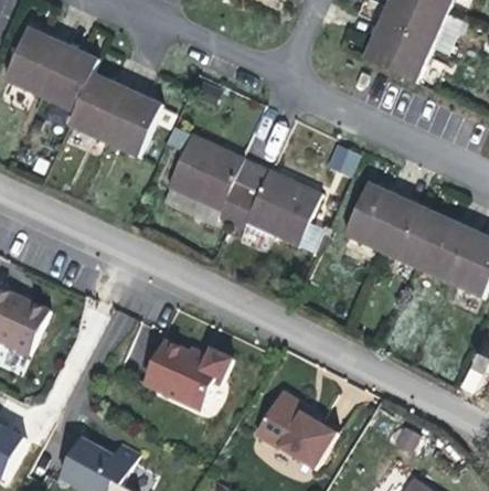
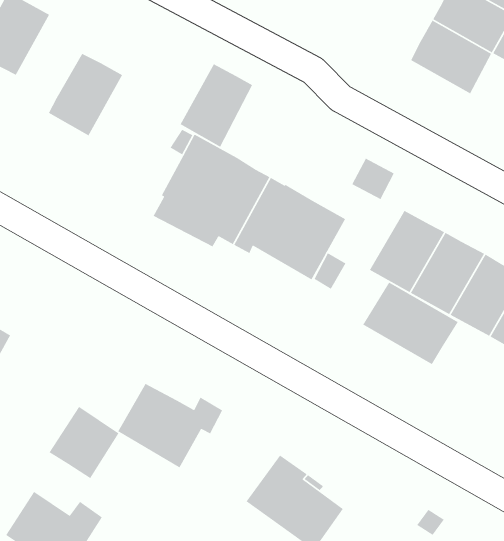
building: [39,42,98,110] -> none
building: [103,87,161,157] -> [179,63,253,148]
building: none -> [362,281,459,365]
building: none -> [49,406,120,479]

